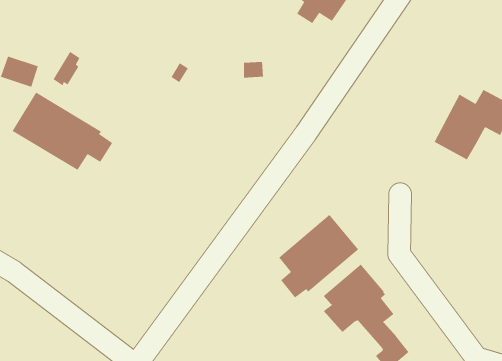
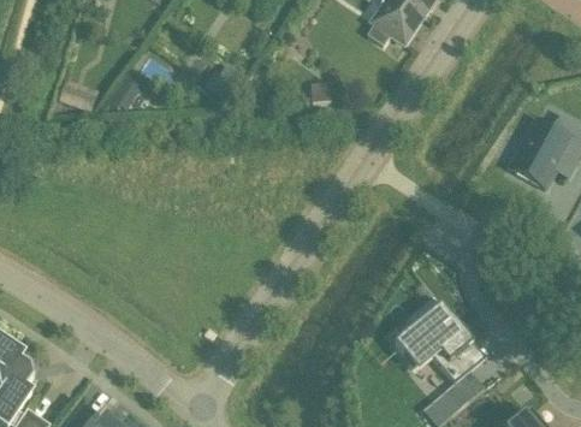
building: [12,92,113,171] -> none
building: [278,214,359,299] -> none

